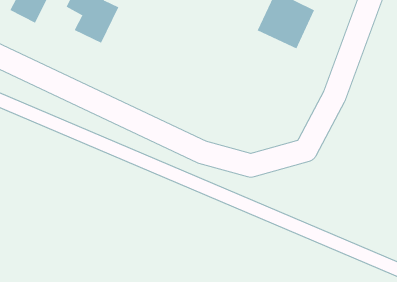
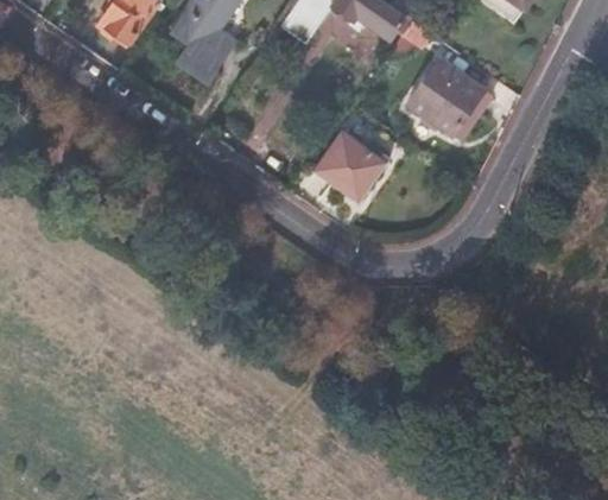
building: none -> [312,131,387,204]

